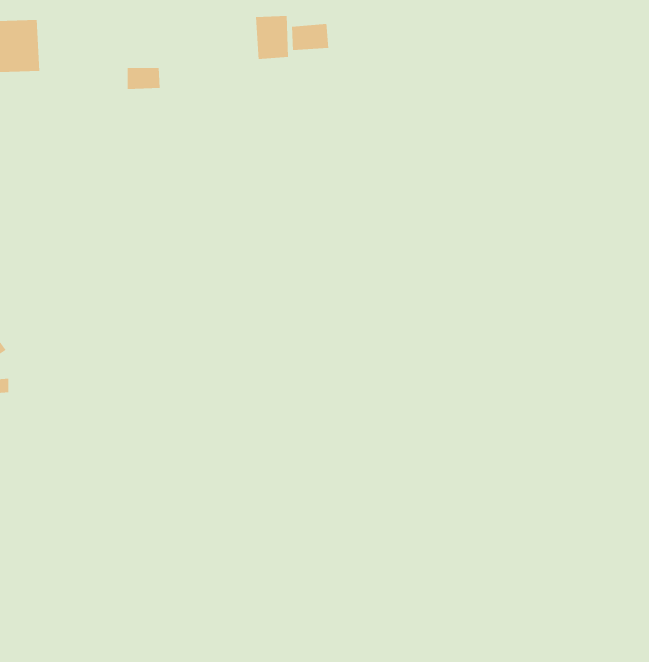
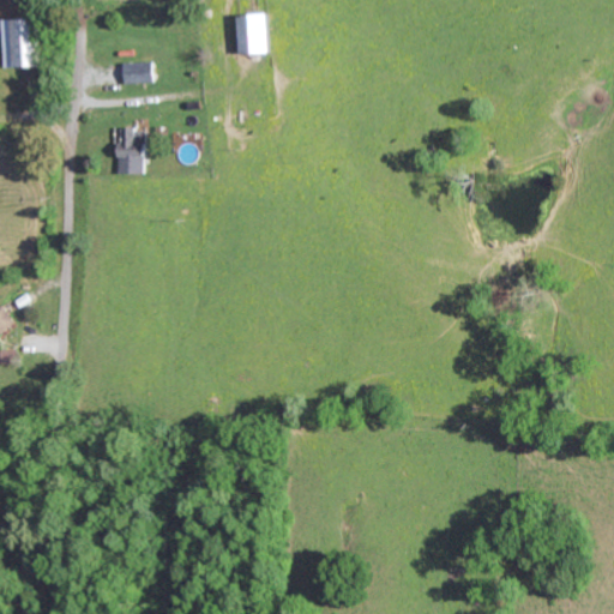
building: [292,23,329,51] -> none
building: none -> [112,128,143,174]

